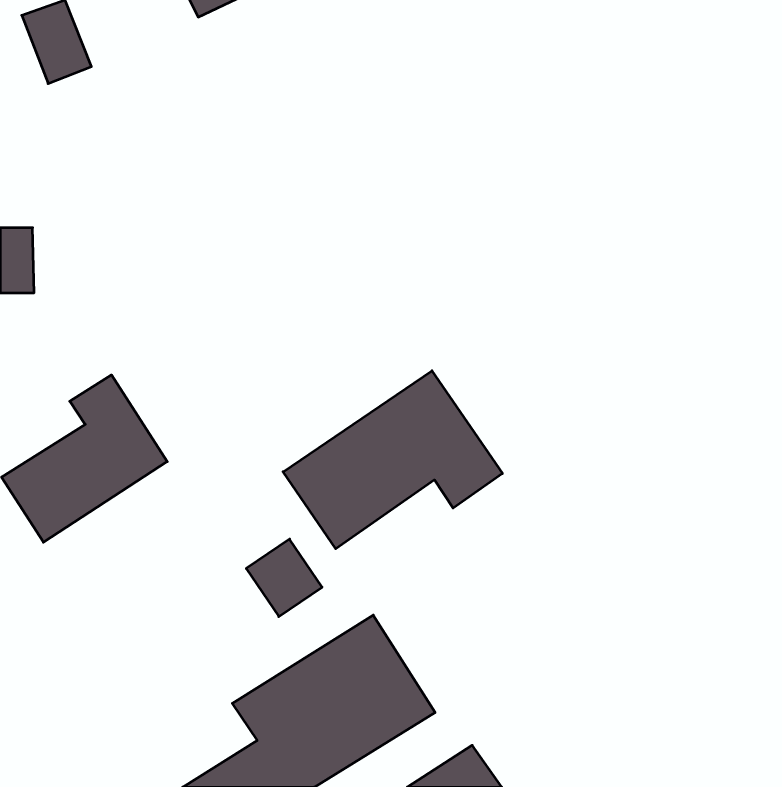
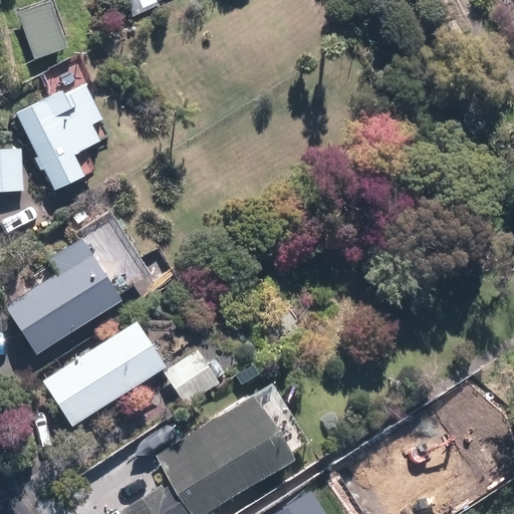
building: none -> [21,87,105,185]
building: [283,371,502,549] -> none
building: none -> [46,324,161,424]

